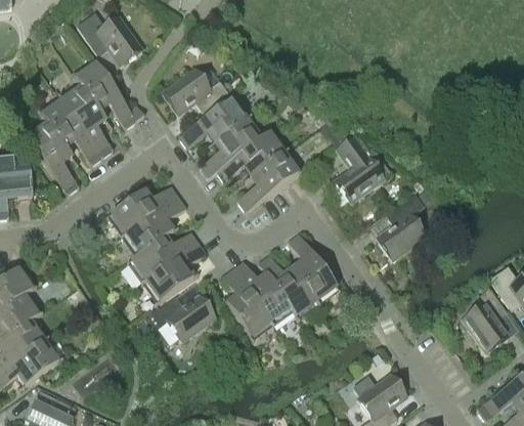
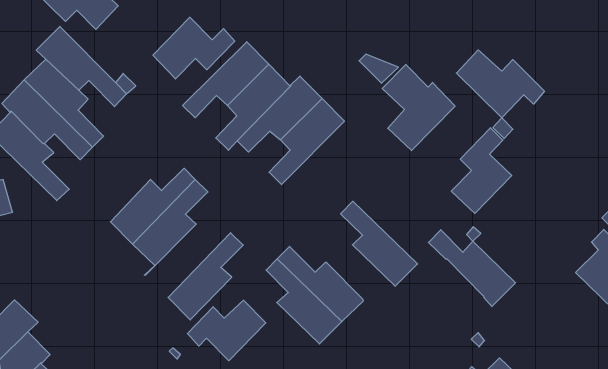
building: none -> [456,50,544,118]
building: [127,230,199,284] -> none
building: [257,254,319,321] -> [428,230,516,307]

